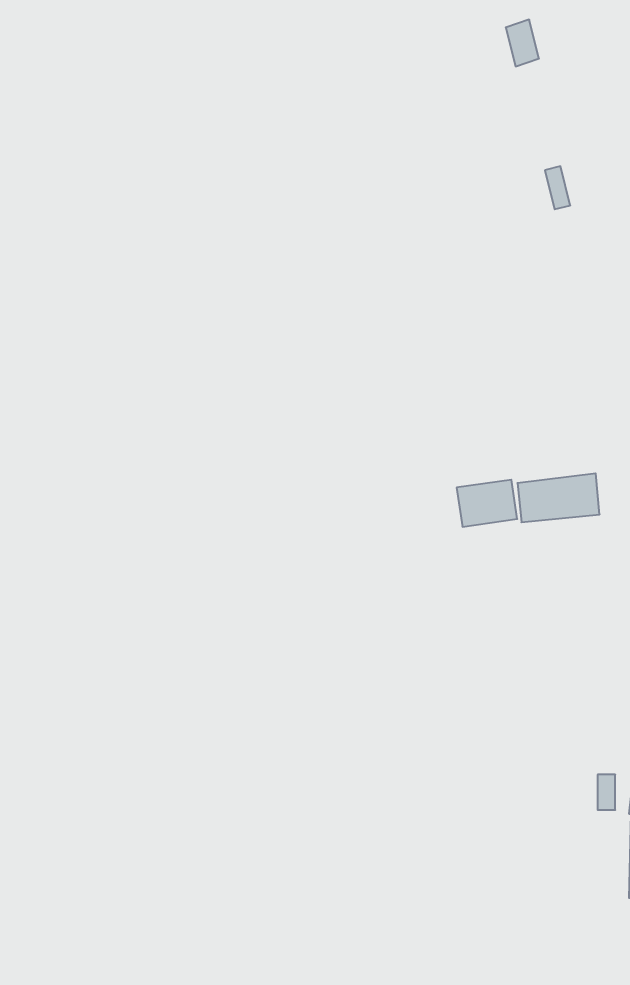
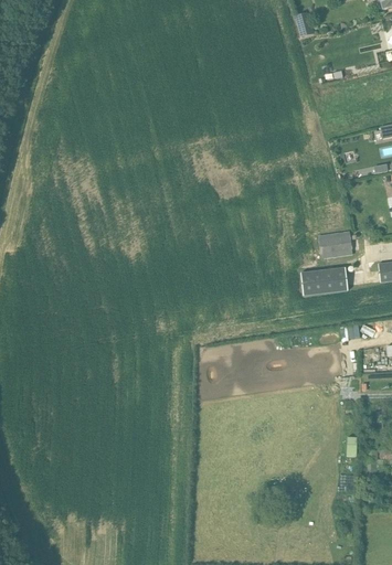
building: [457,480,517,527] -> [318,231,352,257]

